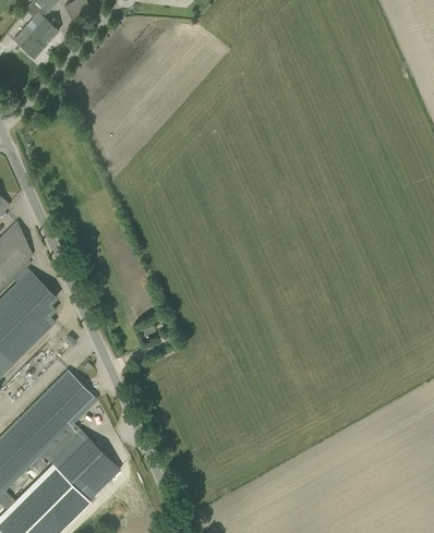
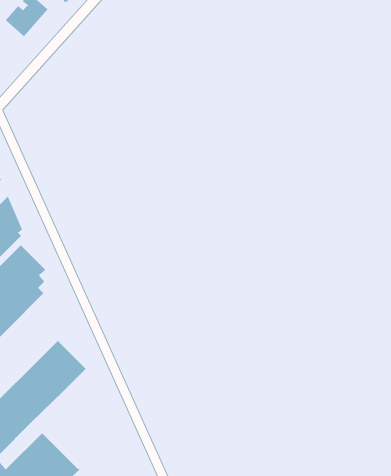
building: [41,423,119,500] -> none

